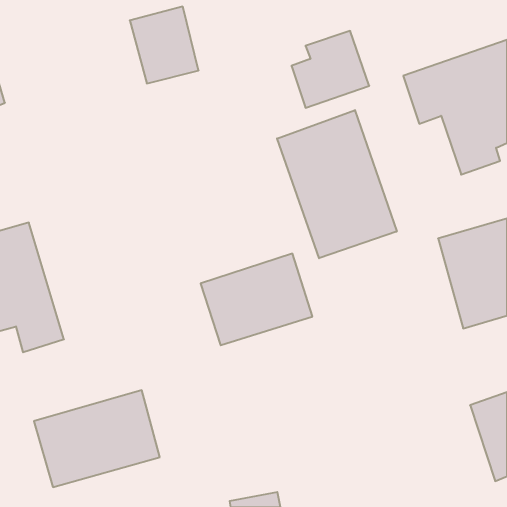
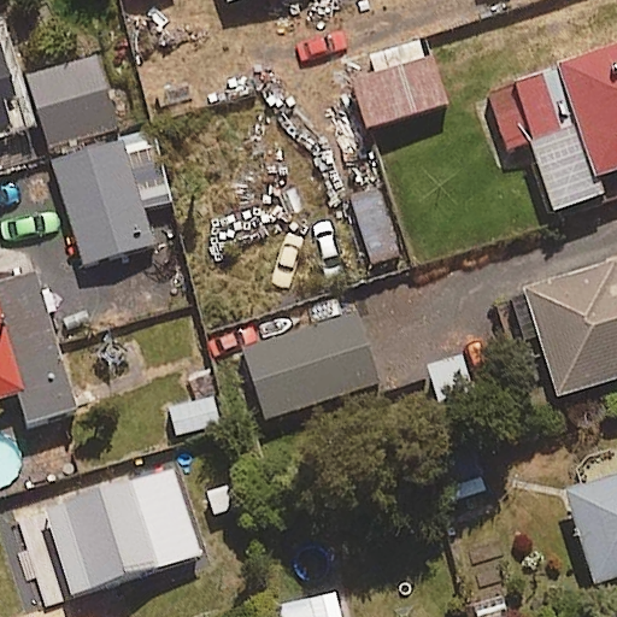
building: [130,7,199,83] -> [30,54,113,147]
building: none -> [53,133,171,264]
building: [277,110,397,258] -> none

